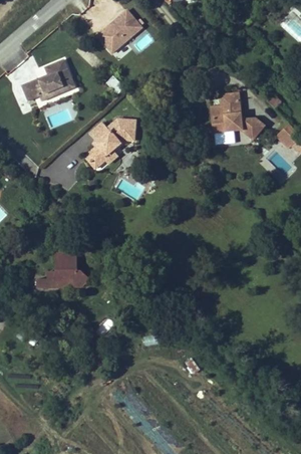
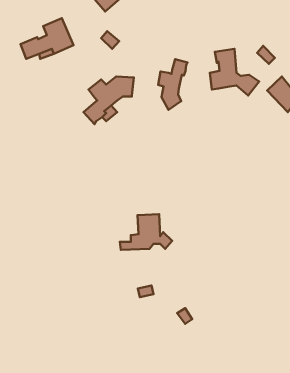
building: none -> [158,59,187,110]
building: [34,249,87,285] -> [120,214,172,250]

